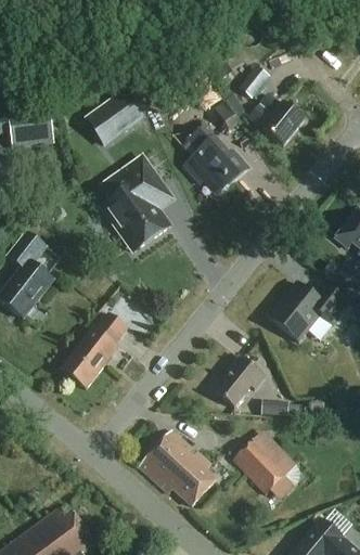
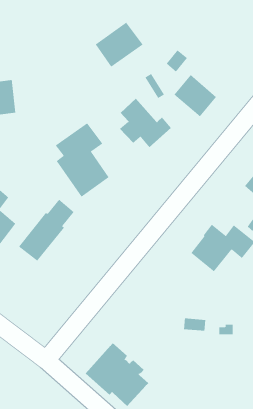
building: [85,88,144,144] -> [95,22,143,68]
building: [60,311,129,388] -> [18,199,75,261]
building: [214,357,263,410] -> none
building: [232,428,286,492] -> none

